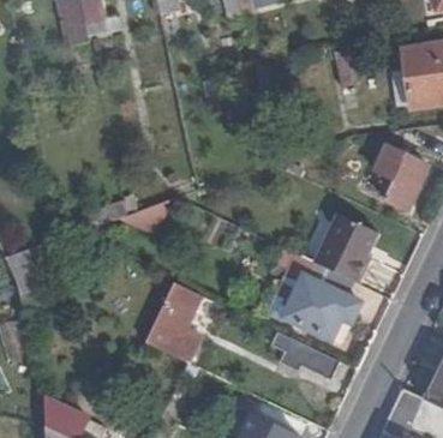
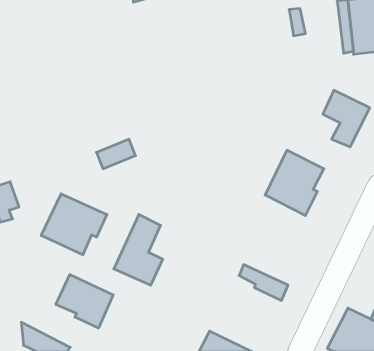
building: none -> [41,194,107,255]
building: [281,275,357,344] -> none
building: none -> [56,275,113,328]

